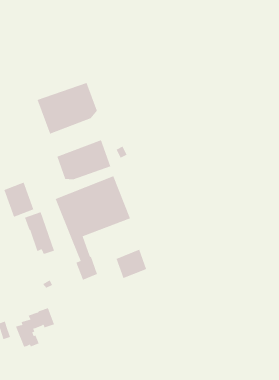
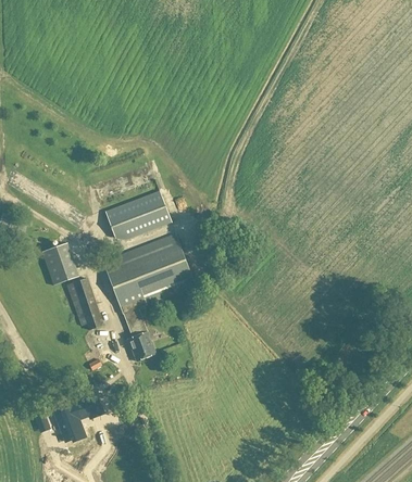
building: [37,82,98,134] -> none
building: [116,249,147,279] -> none

